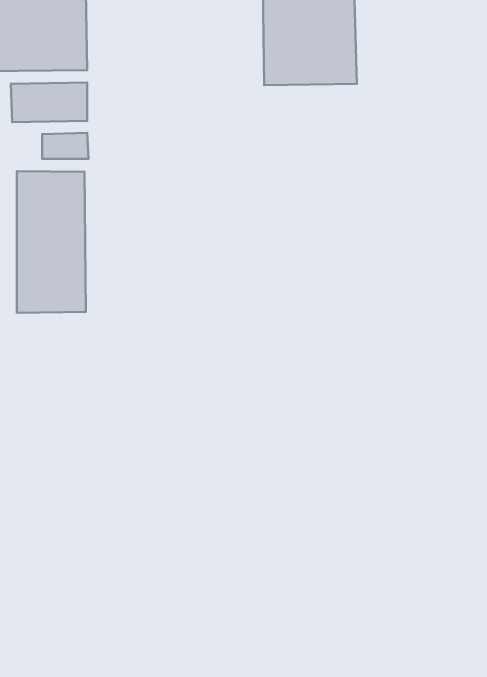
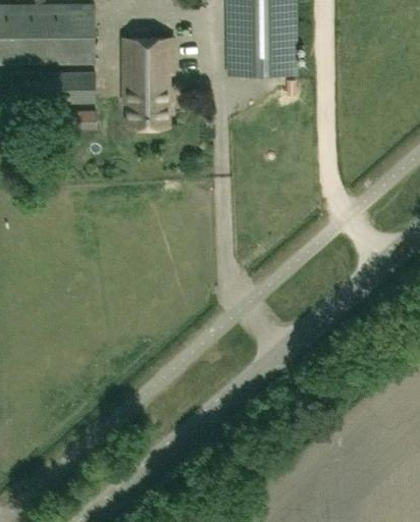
building: none -> [123,37,173,125]
building: [17,171,86,313] -> none

